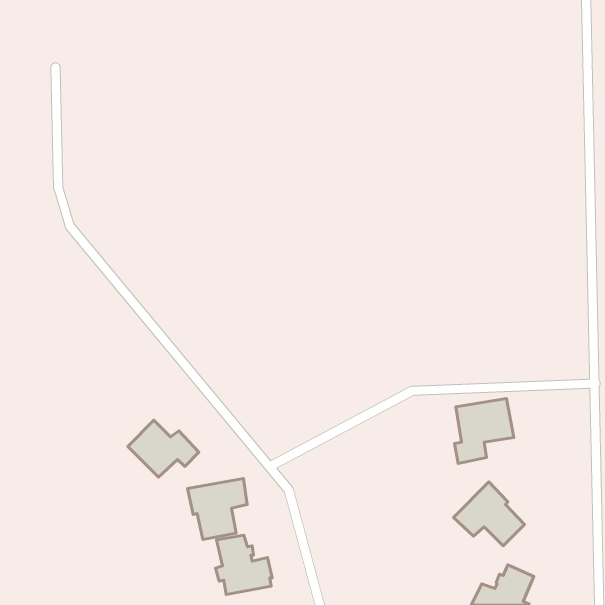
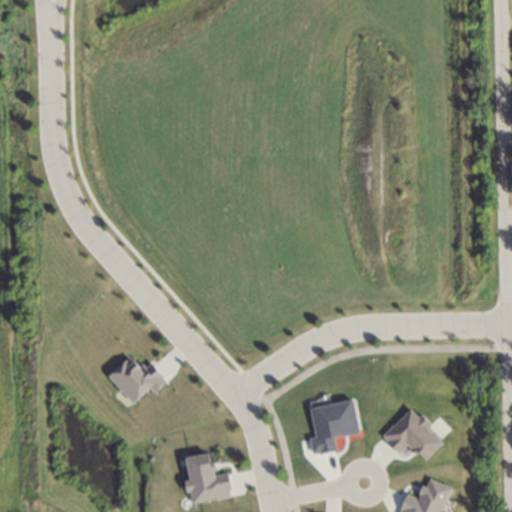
building: [455,398,514,464] -> [310,400,360,455]
building: [188,478,247,539] -> none

